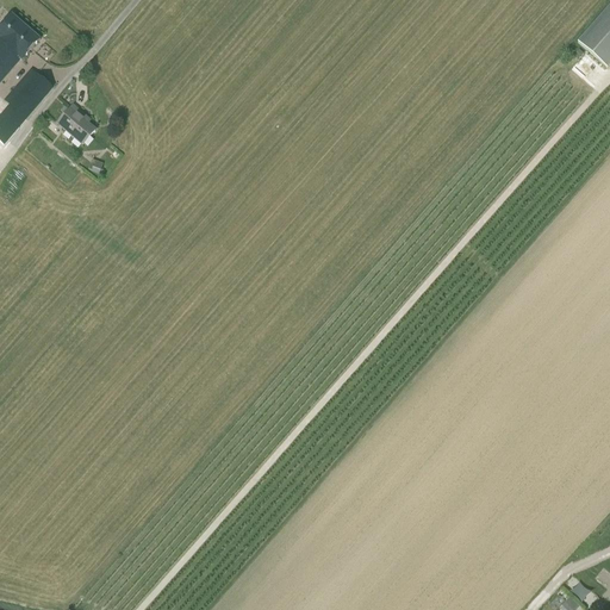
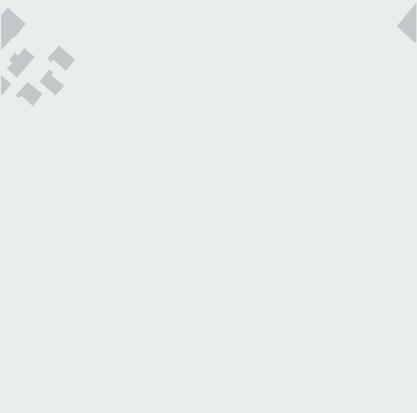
building: none -> [47,45,76,72]
building: none -> [15,81,43,107]

